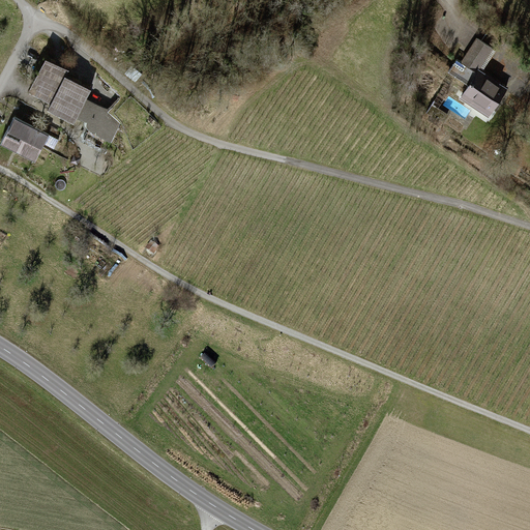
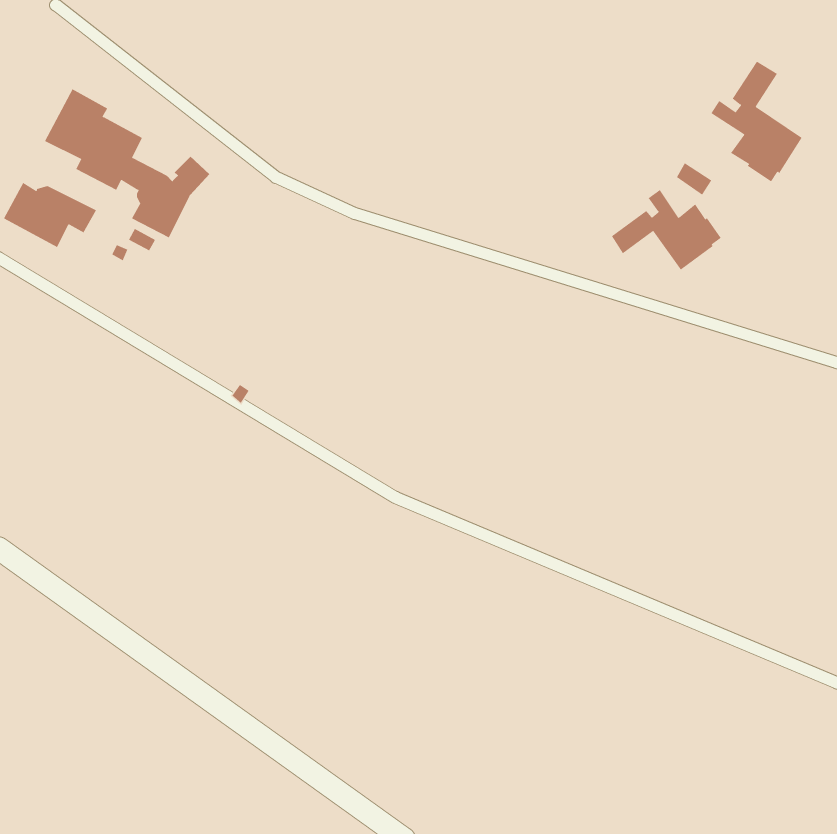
building: none -> [611,189,721,271]

